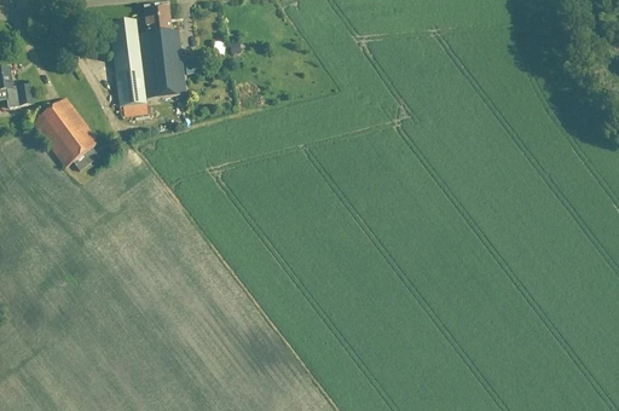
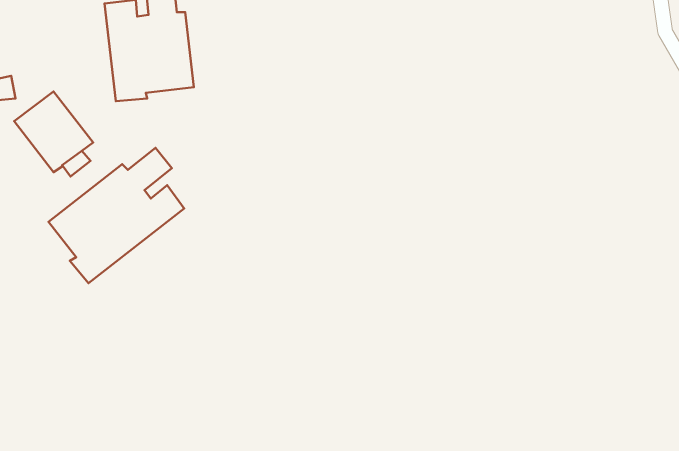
building: none -> [49,148,184,283]

